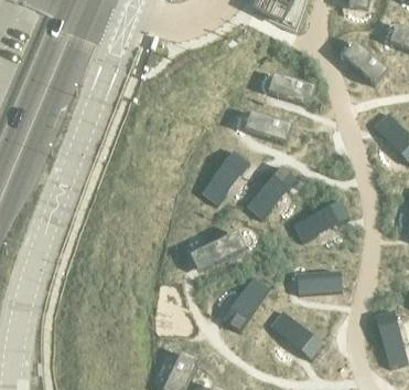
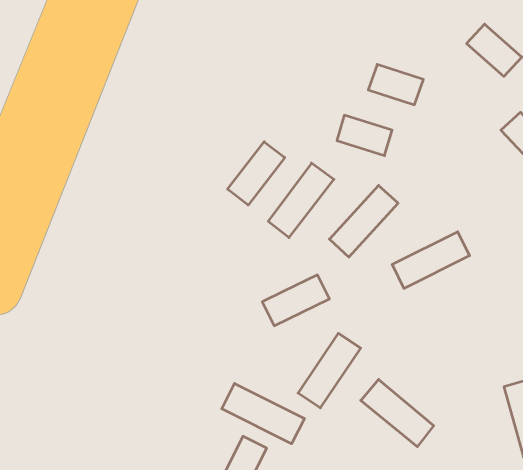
building: none -> [228,142,285,205]
building: [297,271,342,294] -> none
building: none -> [222,383,304,444]

